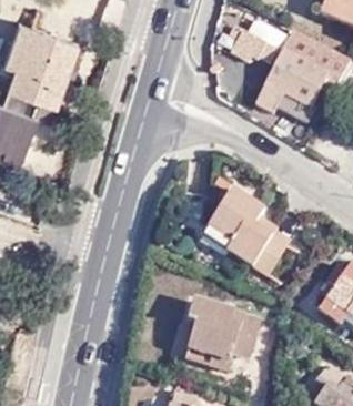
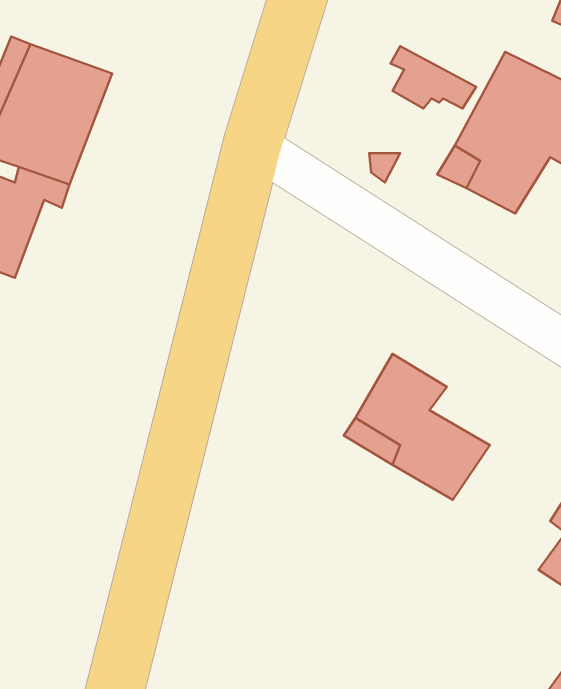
building: [169,305,241,375] -> none

